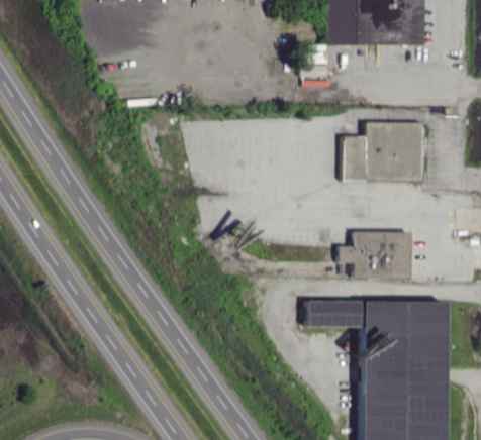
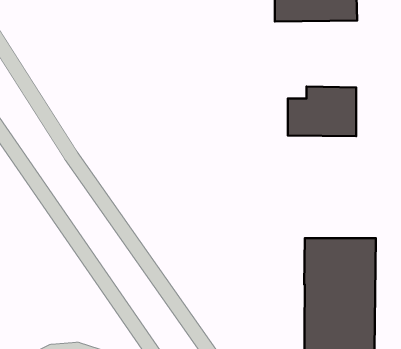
building: [340,230,411,278] -> none
building: [308,300,362,326] -> none

